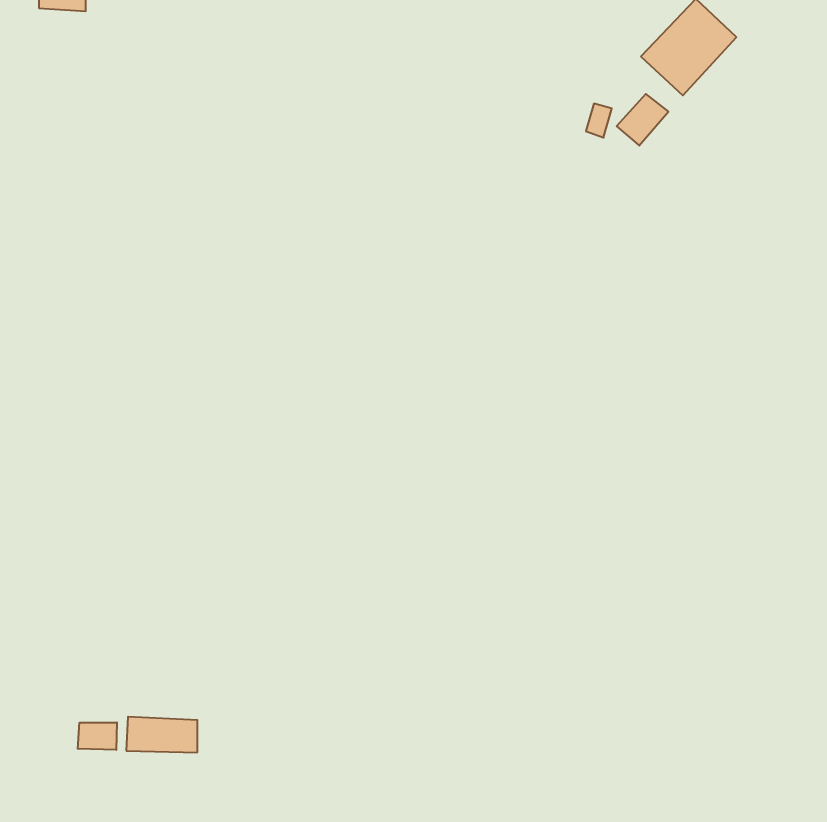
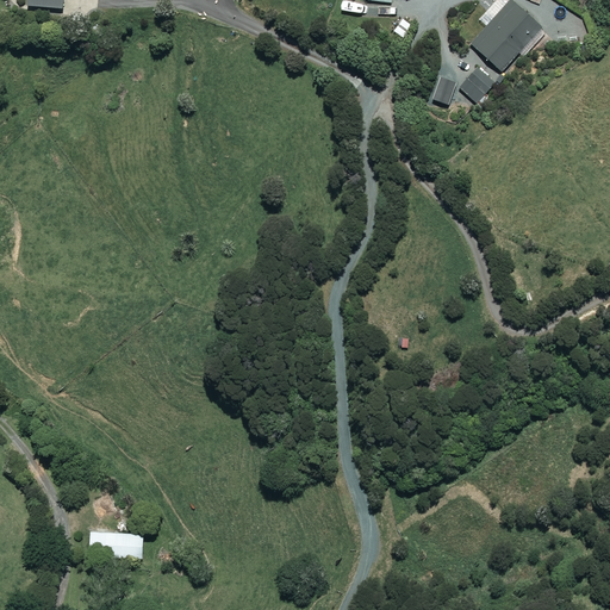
building: [78,722,117,750] -> none

